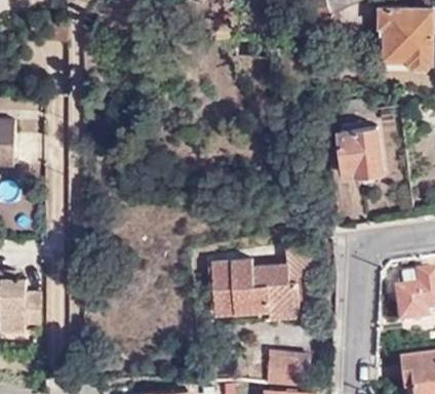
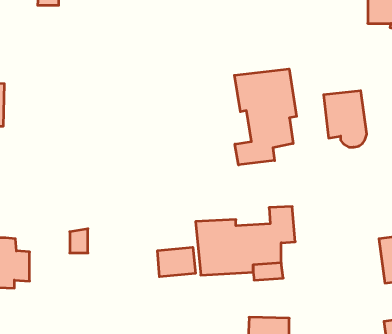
building: none -> [234,69,297,165]
building: none -> [158,247,195,277]

